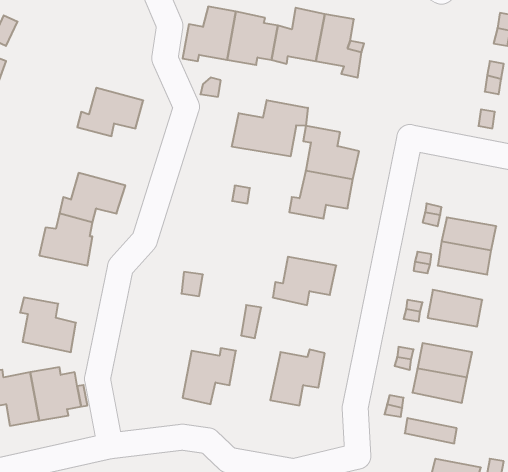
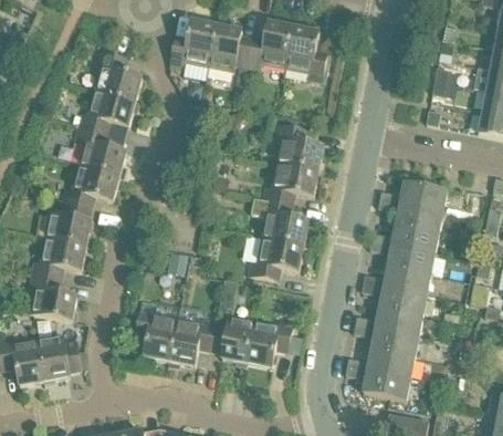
building: none -> [95,51,143,101]
building: [232,100,308,156] -> none
building: none -> [75,124,127,175]
building: none -> [400,180,448,210]
building: none -> [261,198,308,245]
building: none -> [32,236,87,278]
building: none -> [388,245,436,274]
building: none -> [379,290,427,320]
building: none -> [129,300,178,360]
building: none -> [211,315,255,362]
building: none -> [366,355,413,386]

